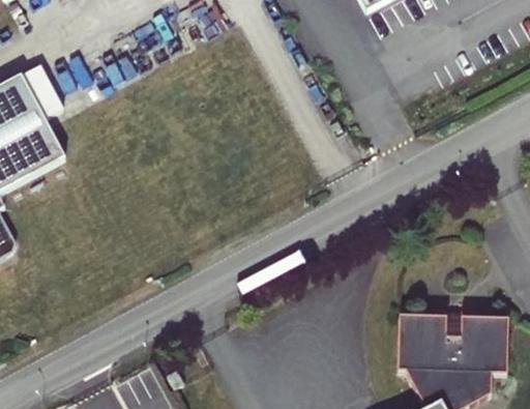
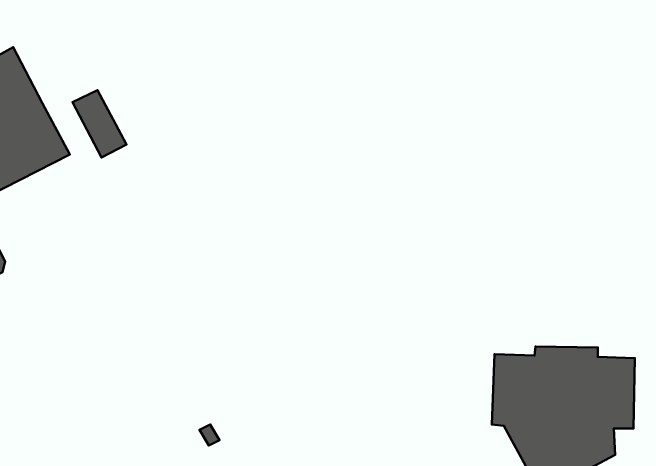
building: [22,69,64,122] -> [72,90,127,158]

